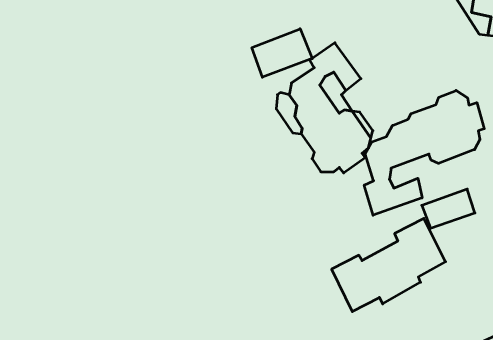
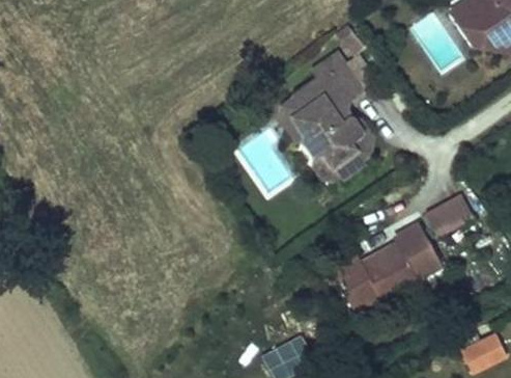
building: [252,29,312,77] -> none
building: [364,90,484,215] -> none

